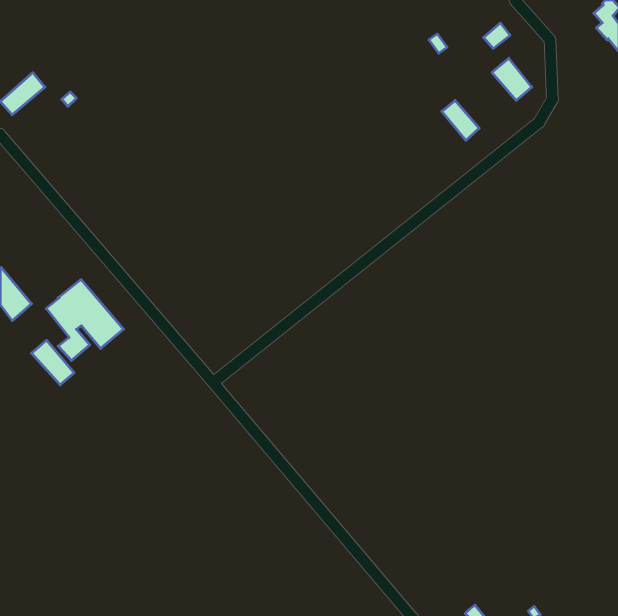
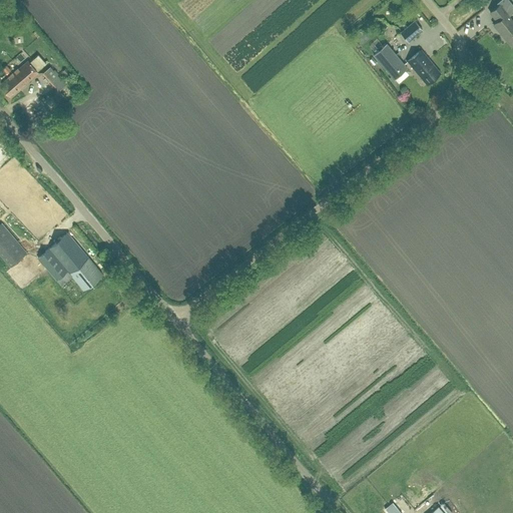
building: [442,100,479,140] -> [376,46,407,79]
building: [31,340,74,385] -> none

